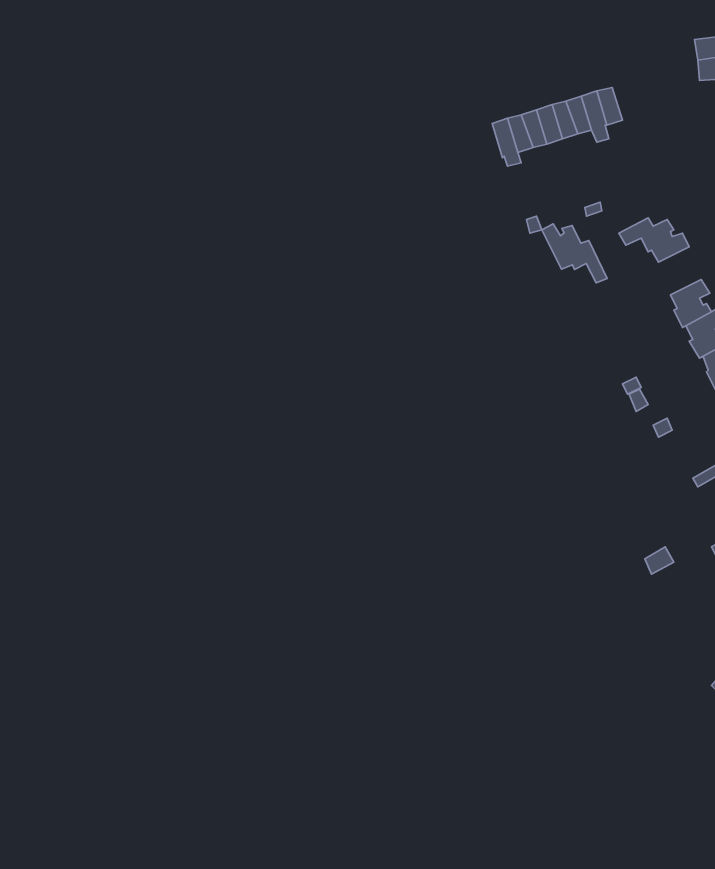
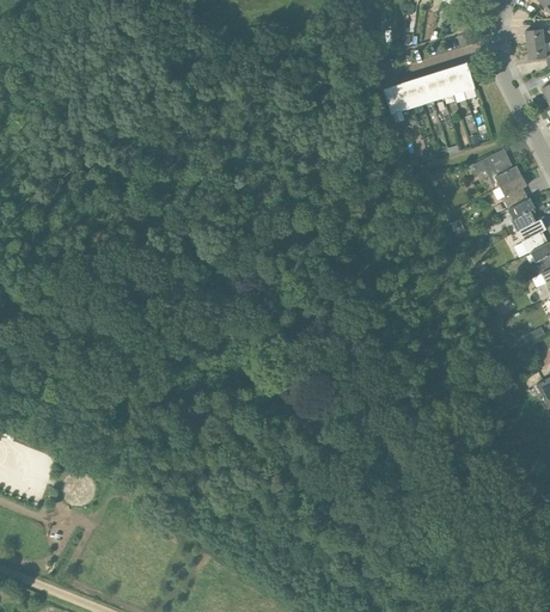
building: [542,224,607,283] -> none
building: none -> [500,175,530,208]

